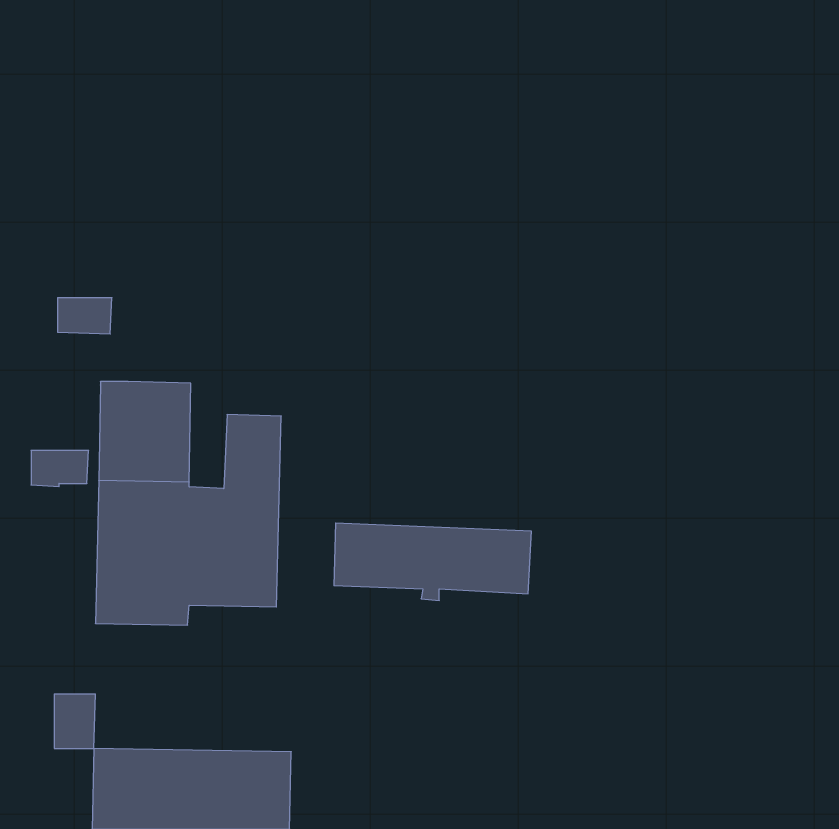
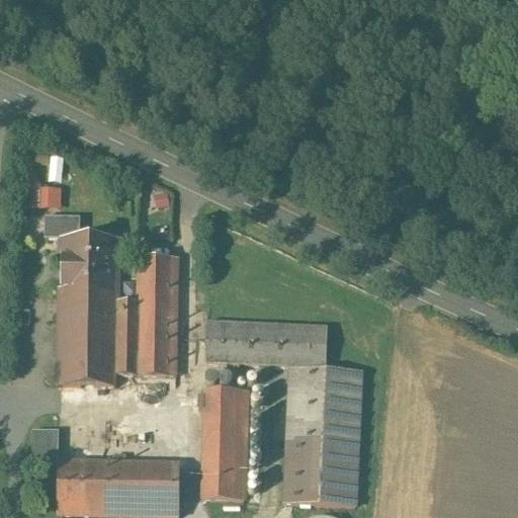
building: [31,450,89,487] -> [46,214,81,237]
building: none -> [285,368,361,504]
building: none -> [203,386,247,498]

